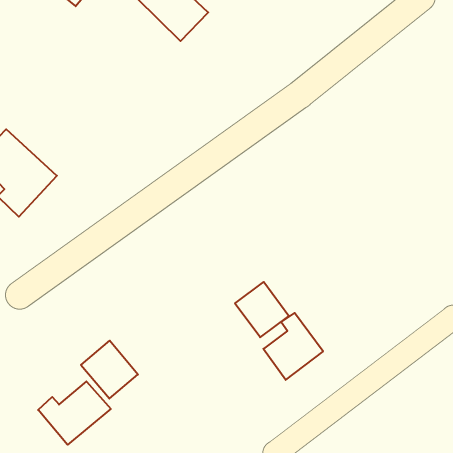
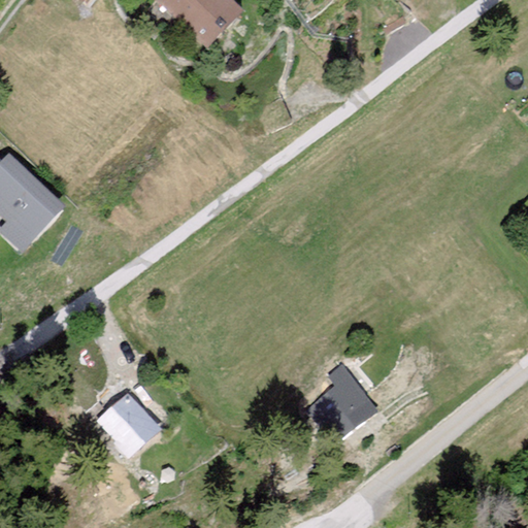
building: [235,282,289,337] -> none
building: [38,381,111,445] -> none

